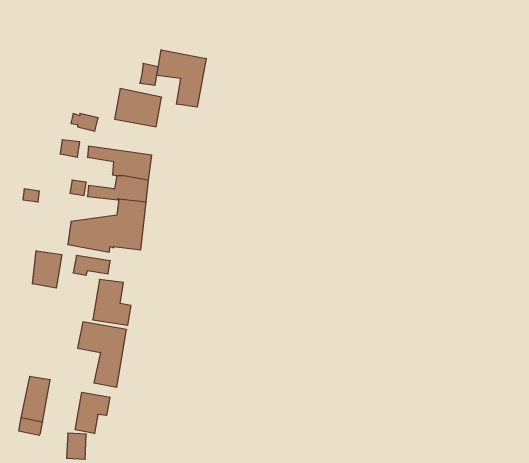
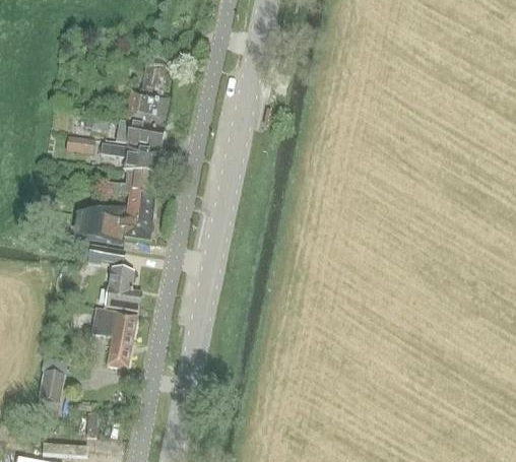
building: [157,50,206,107] -> none
building: none -> [127,122,164,148]
building: [32,251,62,288] -> none
building: [75,392,110,434] -> none

